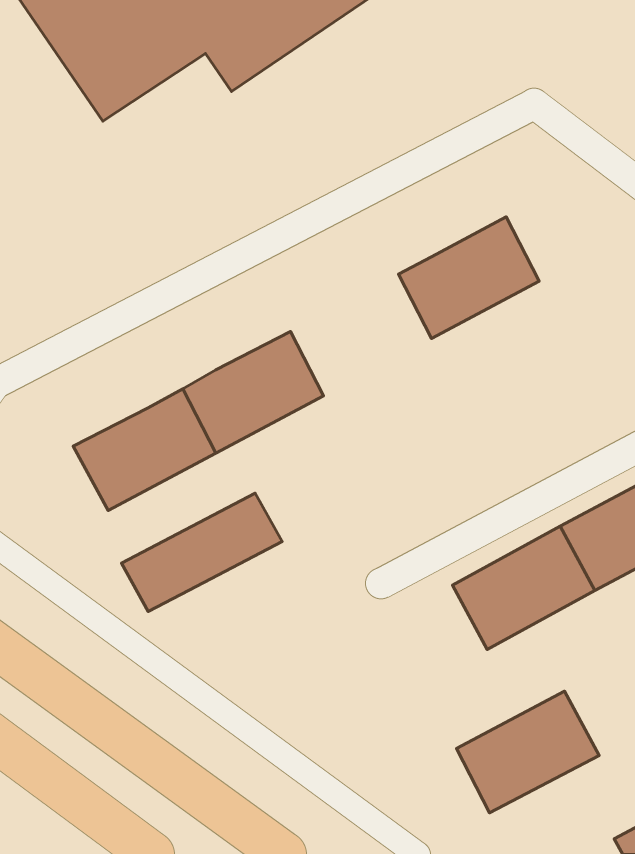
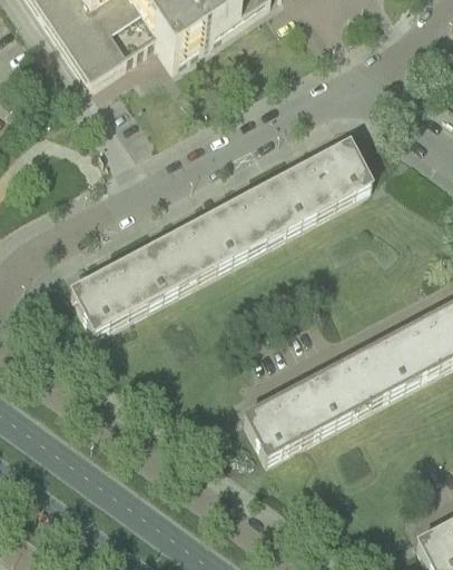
building: none -> [211,179,302,257]
building: [121,493,282,612] -> none
building: [457,691,599,813] -> [246,379,337,456]

